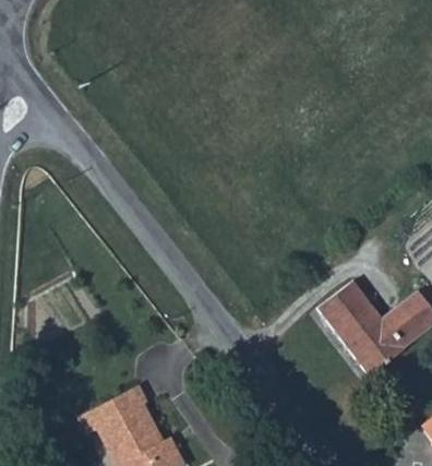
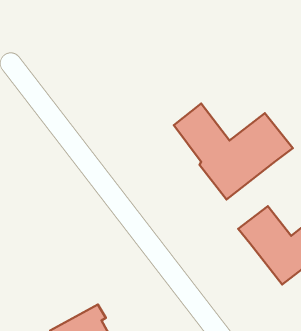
building: none -> [174,103,293,199]

